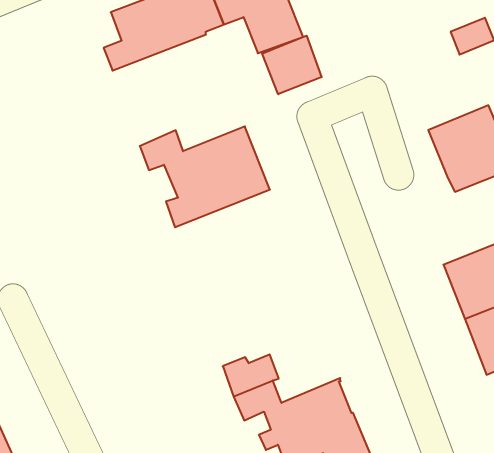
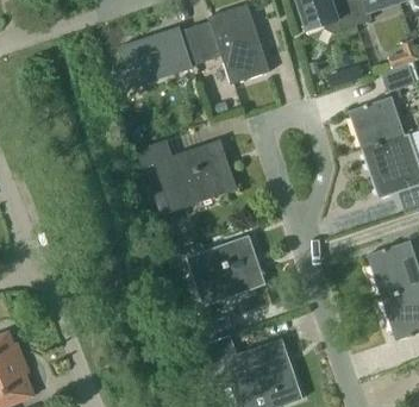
building: [262,36,322,94] -> none
building: none -> [348,96,405,150]
building: none -> [168,236,267,307]

